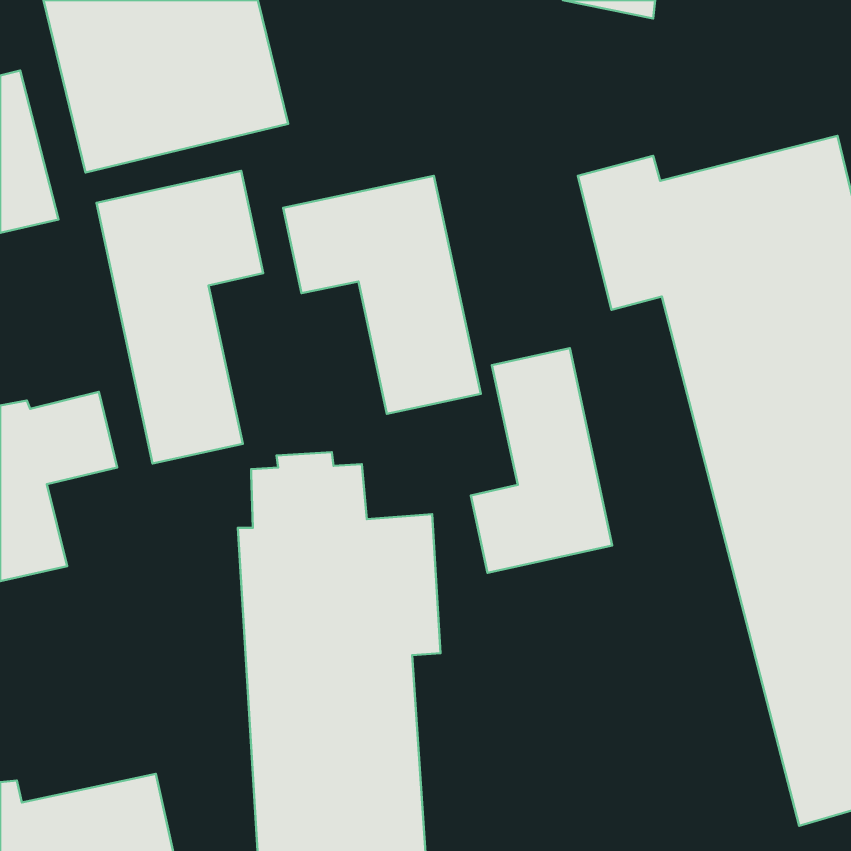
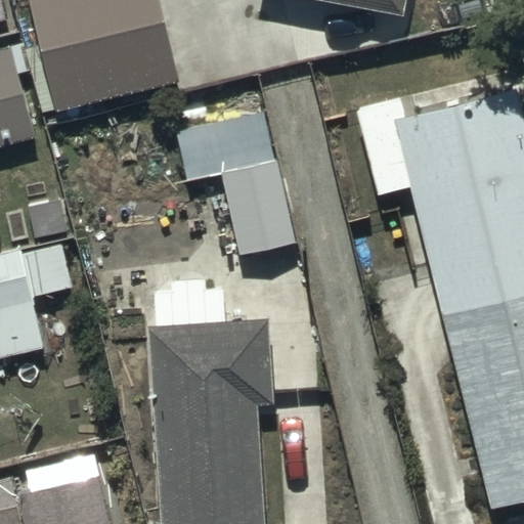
building: [96,171,263,463] -> none
building: [471,348,612,573] -> none

